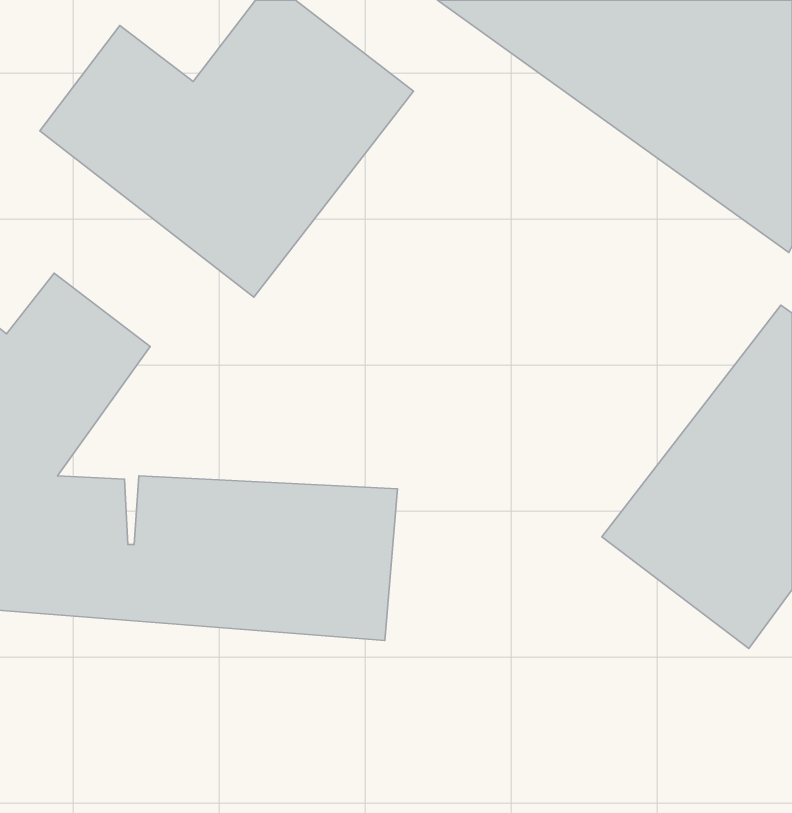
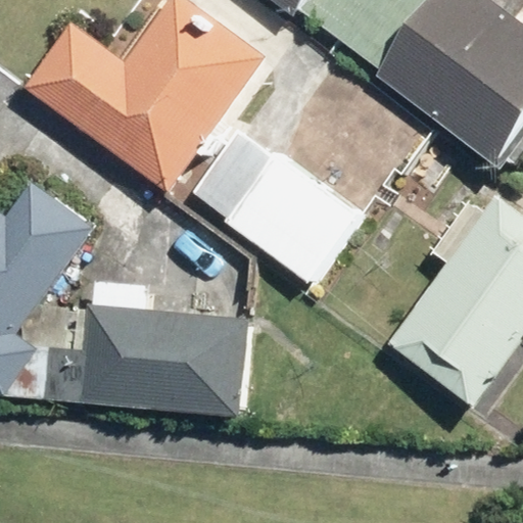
building: none -> [191,120,371,291]

